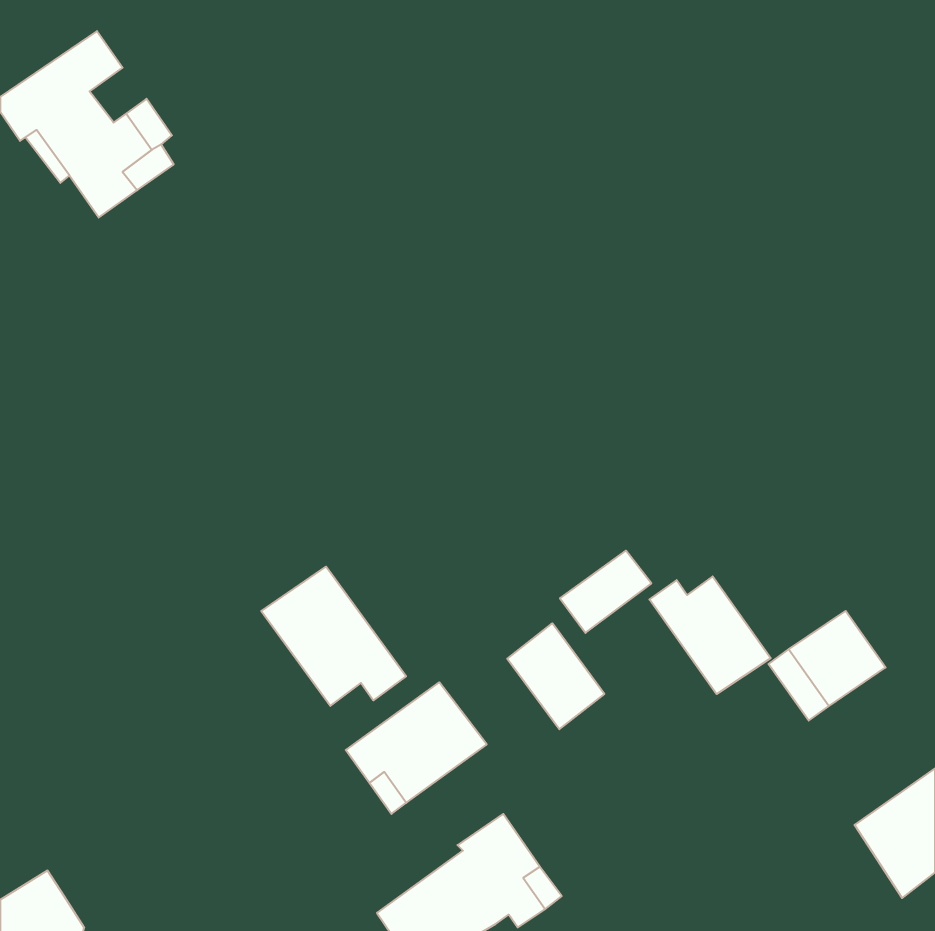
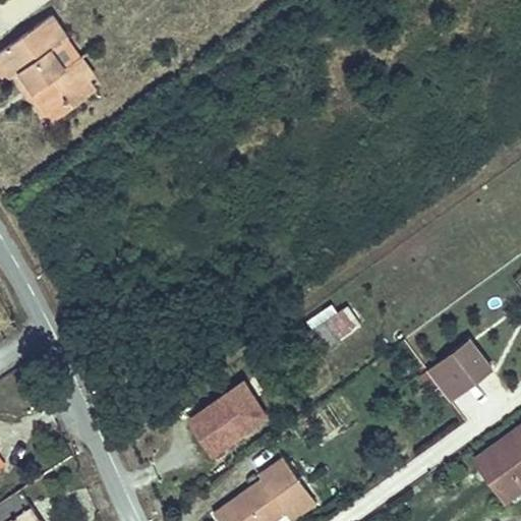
building: [261,567,406,706] -> none
building: [649,576,771,694] -> none
building: [507,623,604,729] -> none

